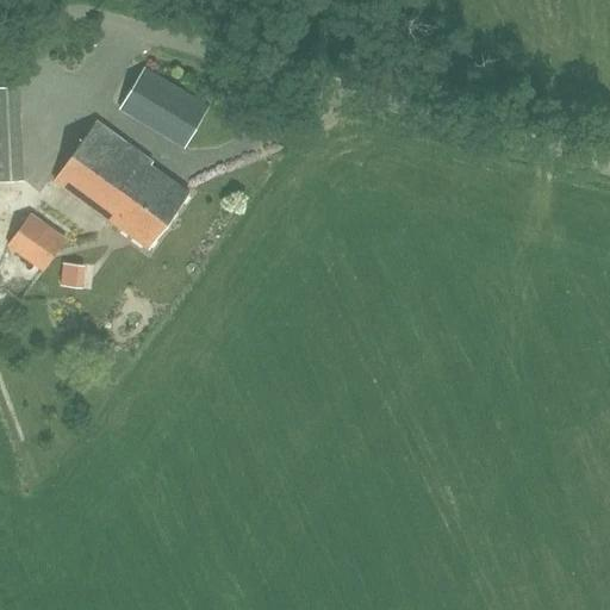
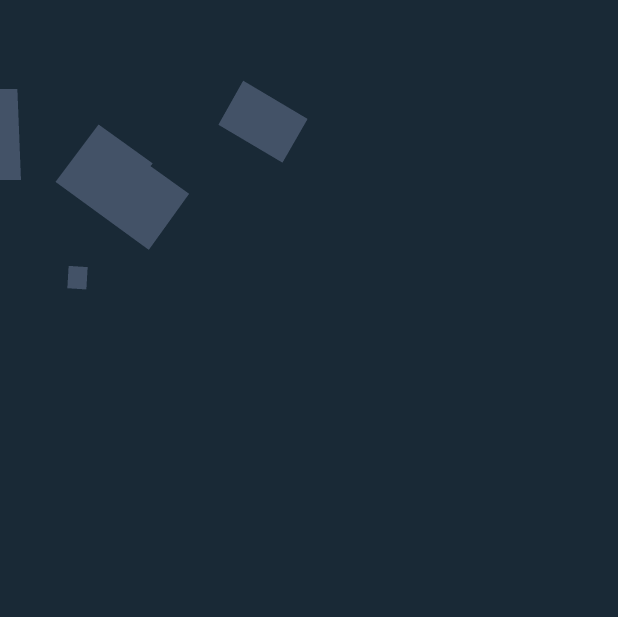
building: [119,66,208,148] -> [218,80,308,164]
building: [7,212,67,270] -> none

